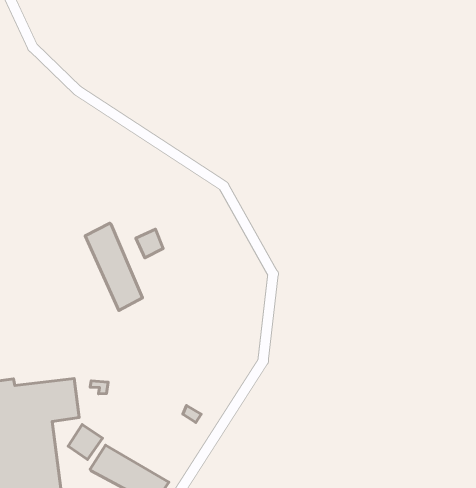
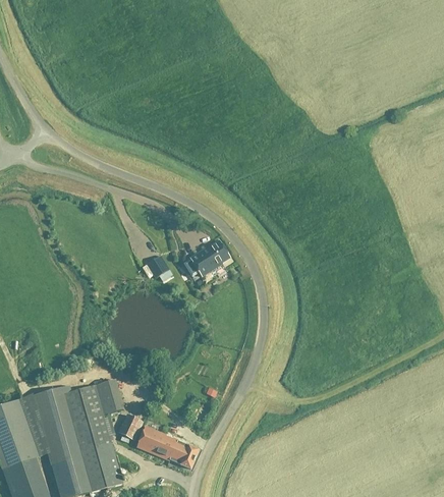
building: none -> [189,240,230,276]
building: [85,223,142,310] -> none

